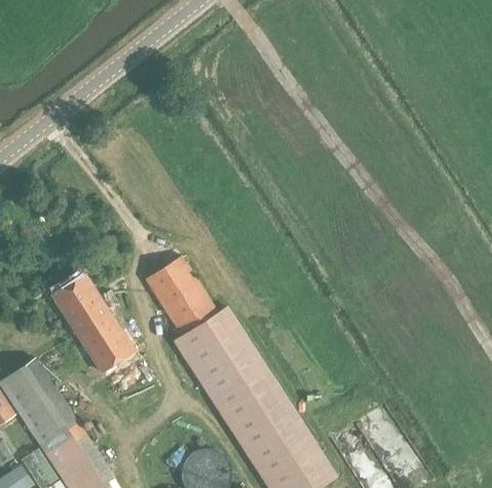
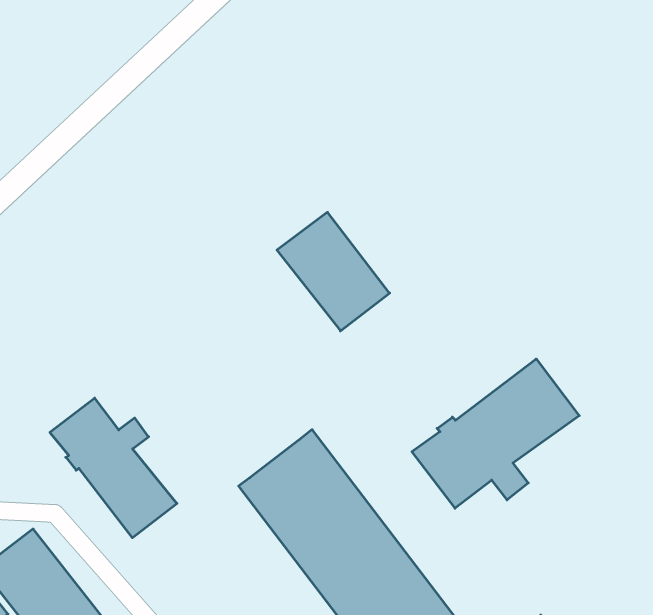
building: [146,257,219,337] -> [277,212,390,331]
building: none -> [412,359,579,508]

